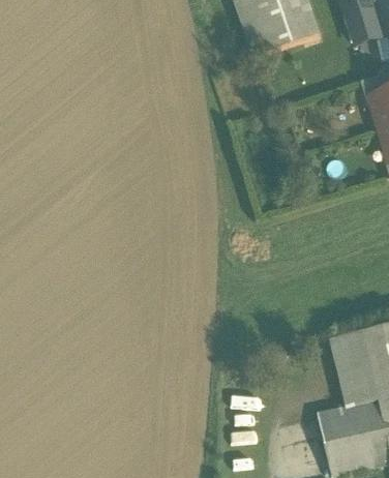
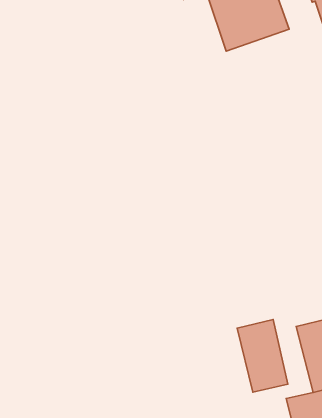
building: none -> [237,319,288,392]

